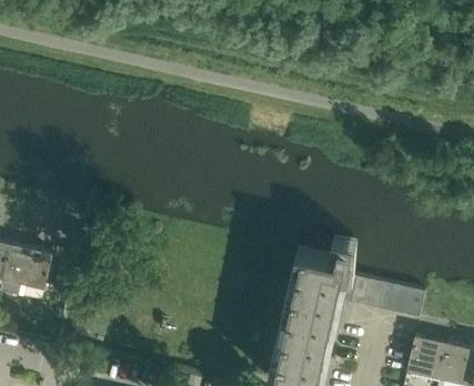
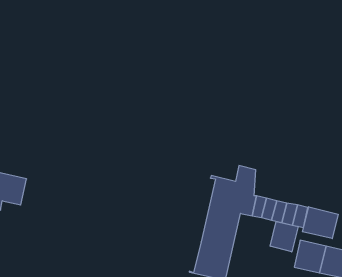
building: none -> [302,207,338,239]
building: none -> [270,222,298,252]

